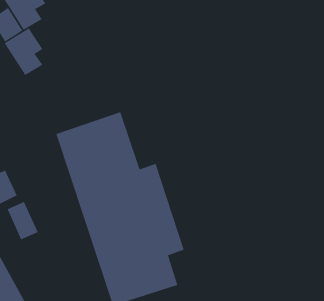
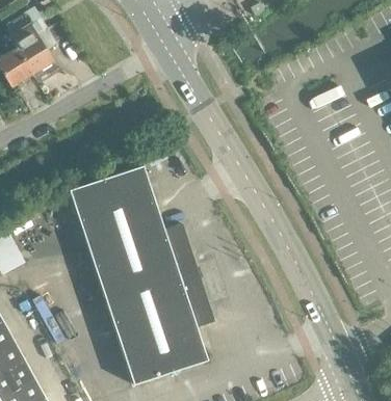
building: [4,28,43,76] -> none
building: [7,201,38,240] -> none

